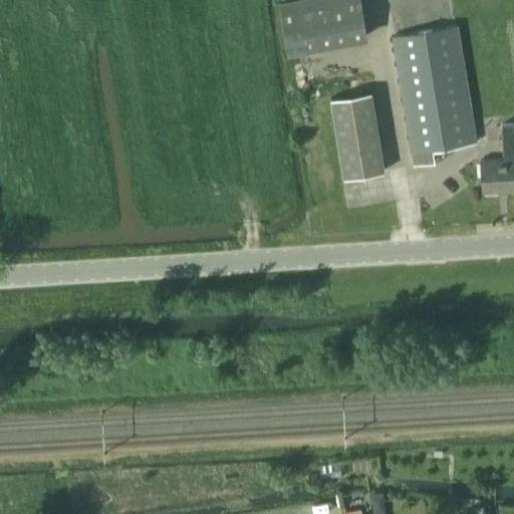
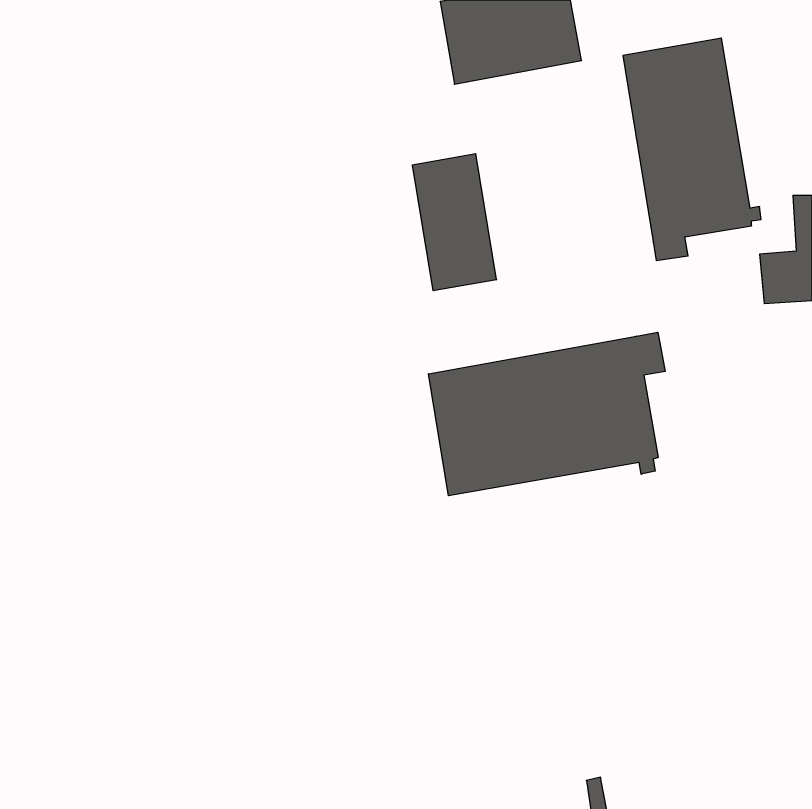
building: [331,93,384,180] -> [412,154,497,291]
building: none -> [429,332,665,496]

